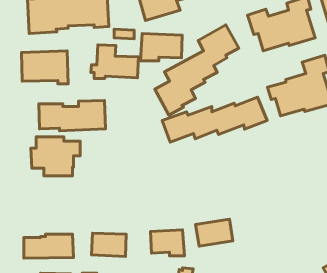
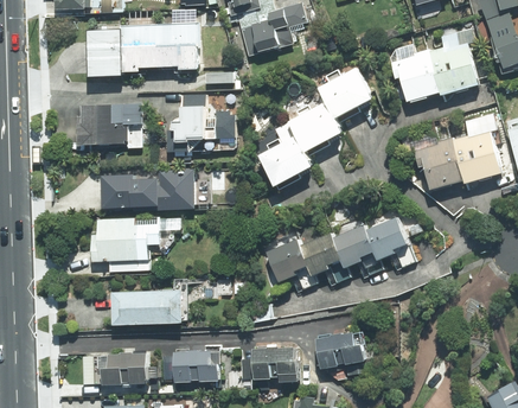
building: [141,34,182,61] -> none
building: [162,97,267,142] -> [267,217,410,279]
building: none -> [113,289,185,324]

